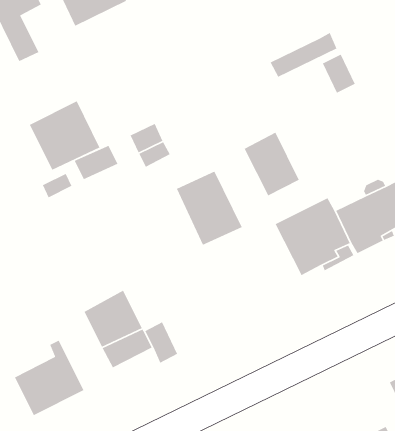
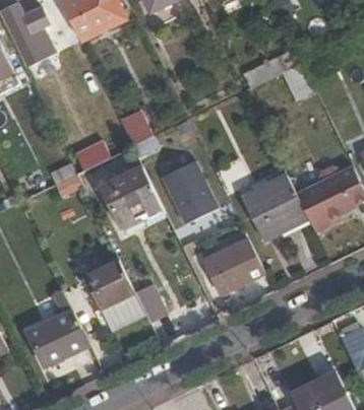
building: [29,100,100,171] -> [101,167,161,226]
building: [243,131,300,196] -> none
building: none -> [201,240,263,296]

